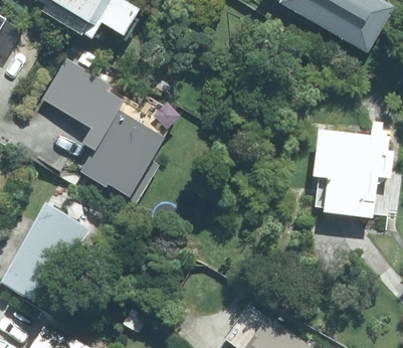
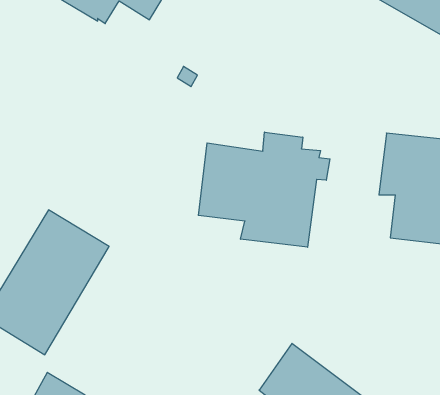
building: [42,63,154,189] -> none
building: none -> [198,132,330,247]

